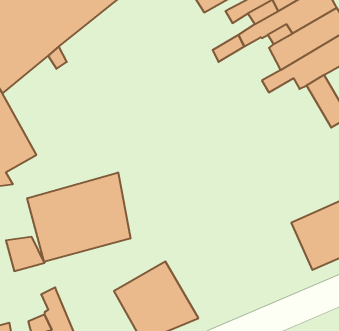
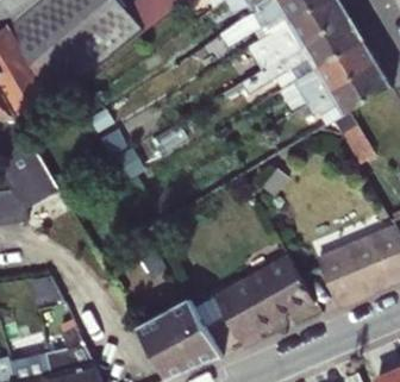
building: [27,172,130,262] -> none
building: none -> [212,255,312,347]

